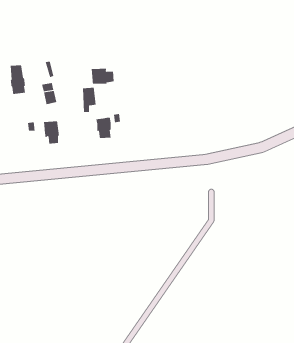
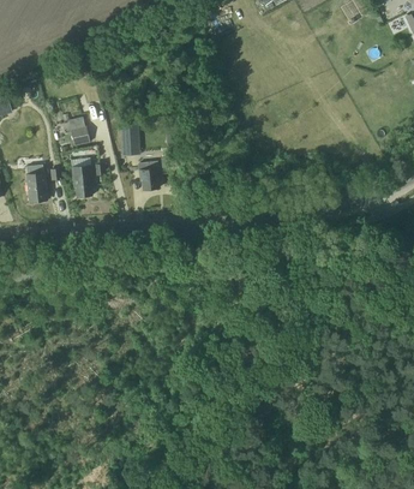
building: [10,65,26,95] -> [26,163,47,202]
building: [91,68,114,84] -> none

